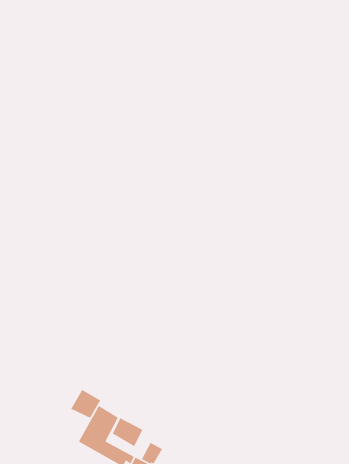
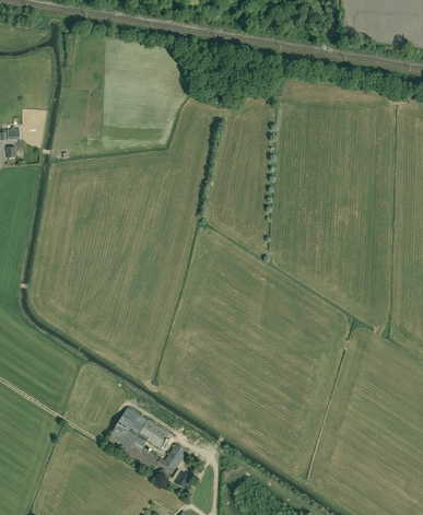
building: [70,389,101,419] -> none

